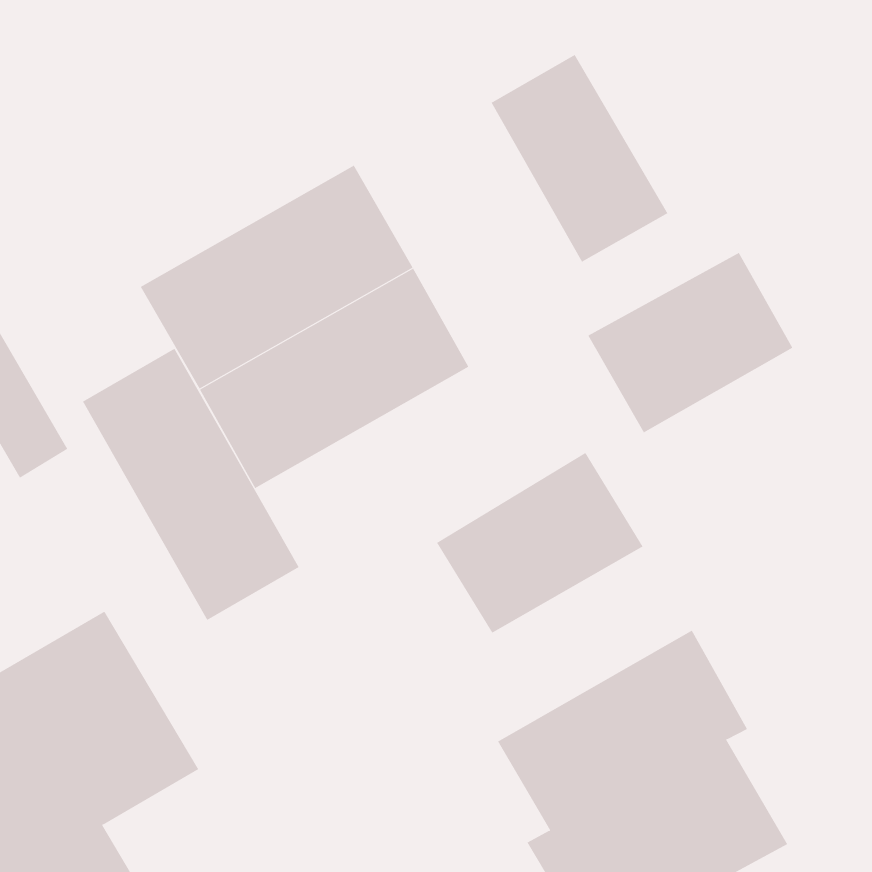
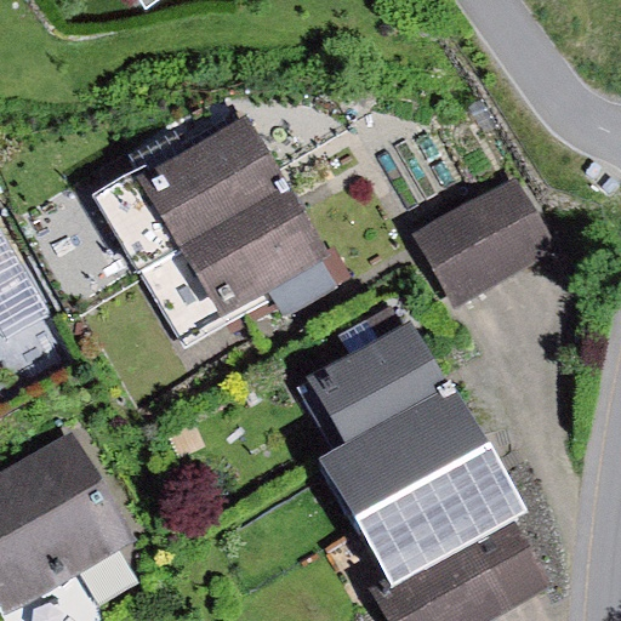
building: [491,54,668,262] -> none
building: [82,348,299,621] -> none
building: none -> [315,382,484,518]

